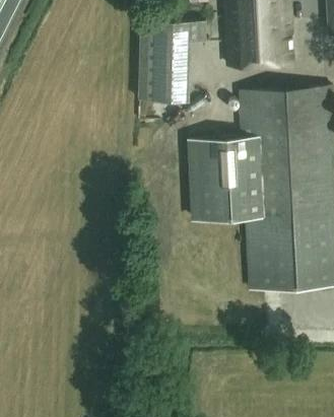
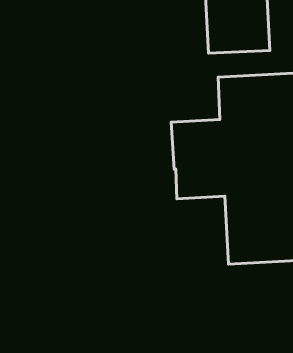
building: [139,20,205,102] -> none

